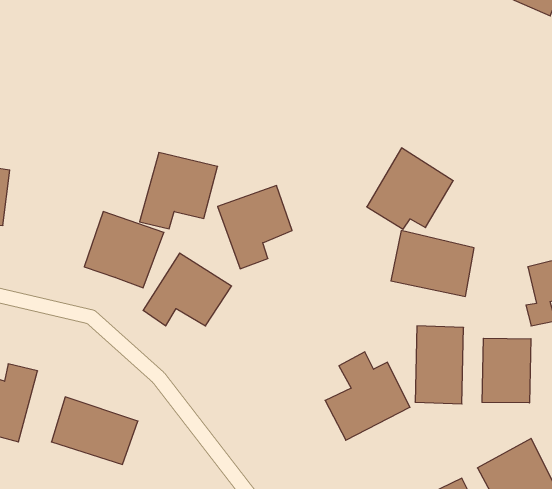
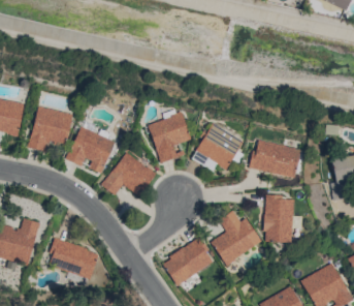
building: [367,148,453,229] -> [191,122,243,171]
building: [140,153,218,229] -> [27,105,73,151]
building: [482,338,531,403] -> none
building: none -> [161,238,215,285]

